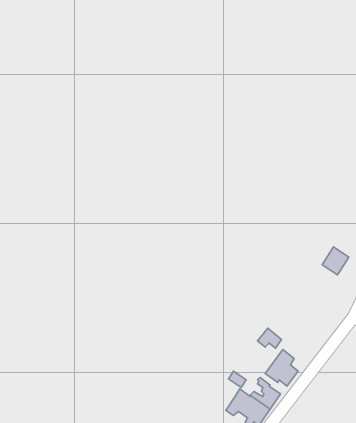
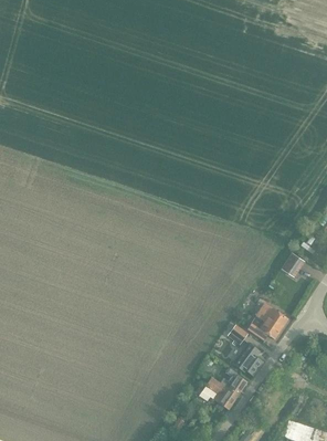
building: none -> [245,304,286,339]

